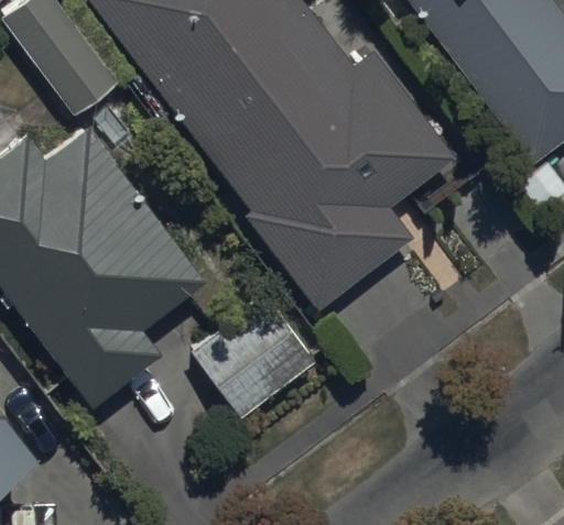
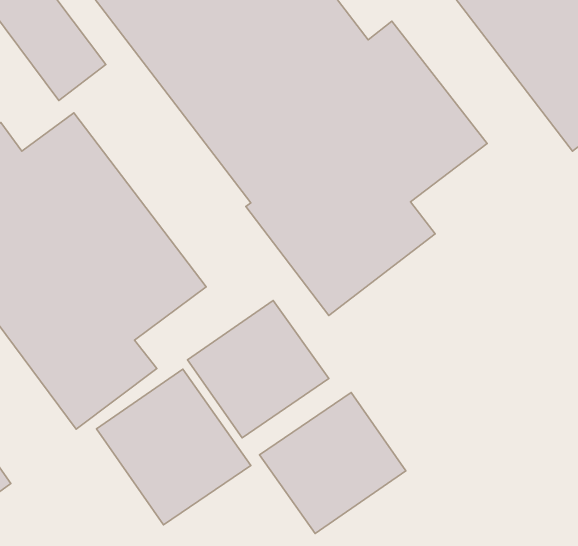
building: none -> [97,369,251,525]
building: none -> [260,393,406,534]

